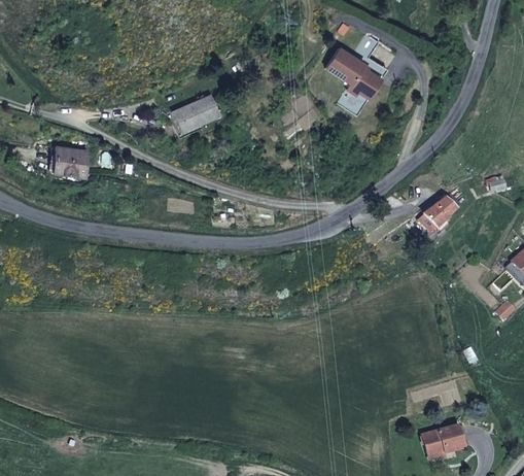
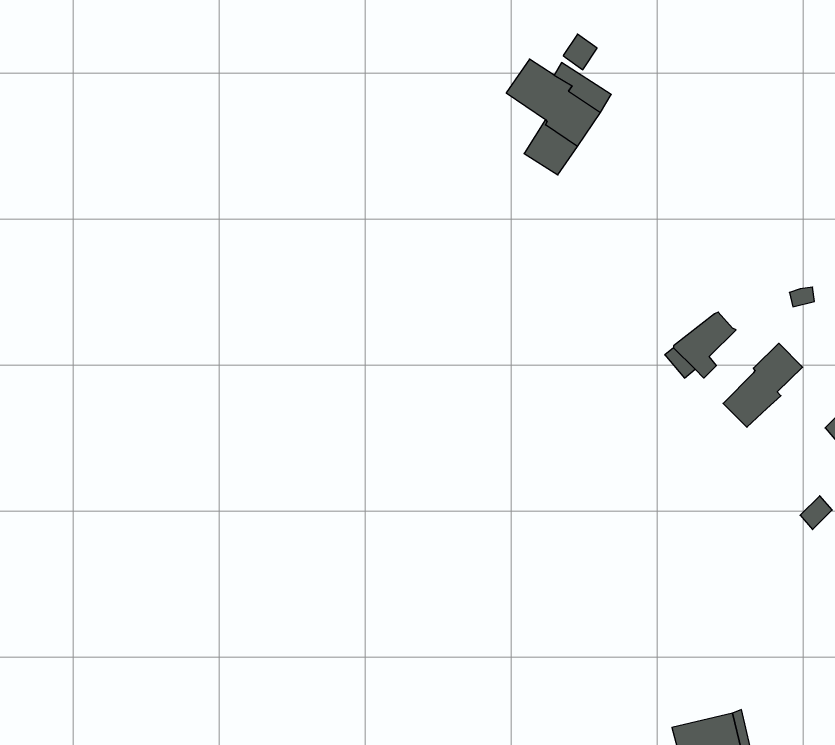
building: [169,94,219,136] -> none
building: [53,145,86,176] -> none
building: none -> [723,343,803,427]

